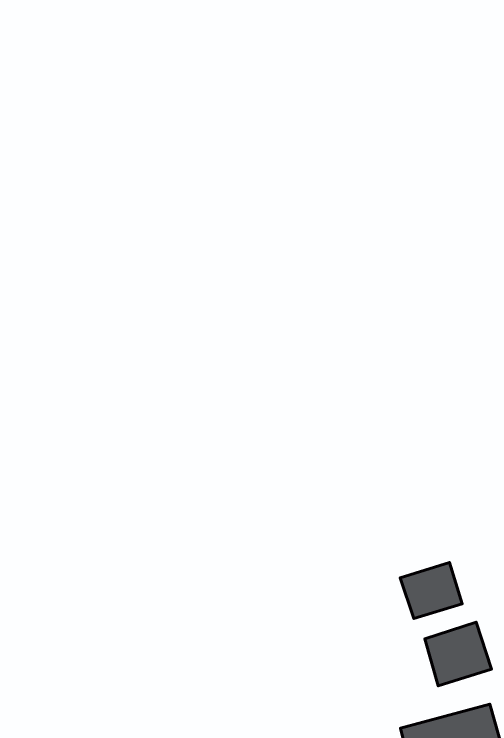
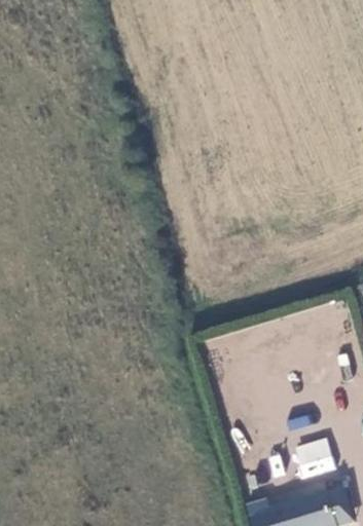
building: [400,562,462,618] -> none

